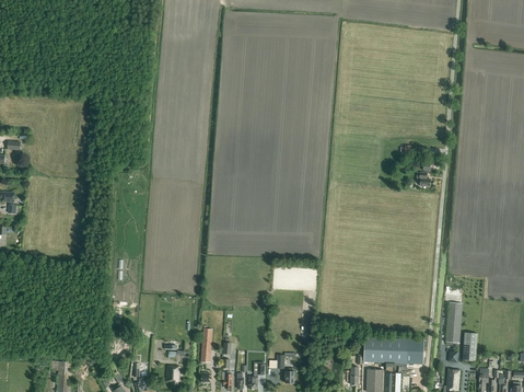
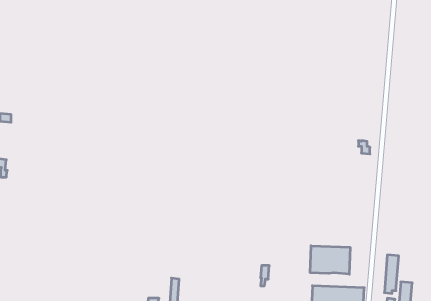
building: none -> [310,246,350,274]

